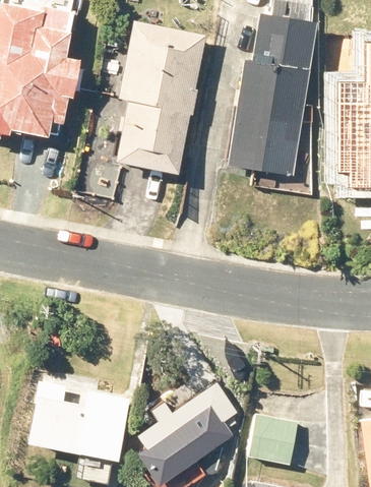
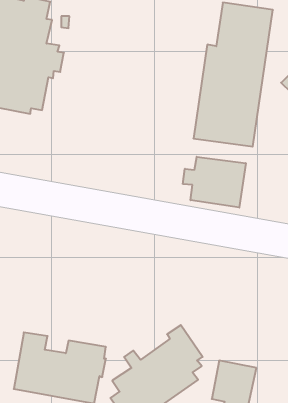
building: [112,21,205,176] -> none
building: none -> [183,157,246,208]

